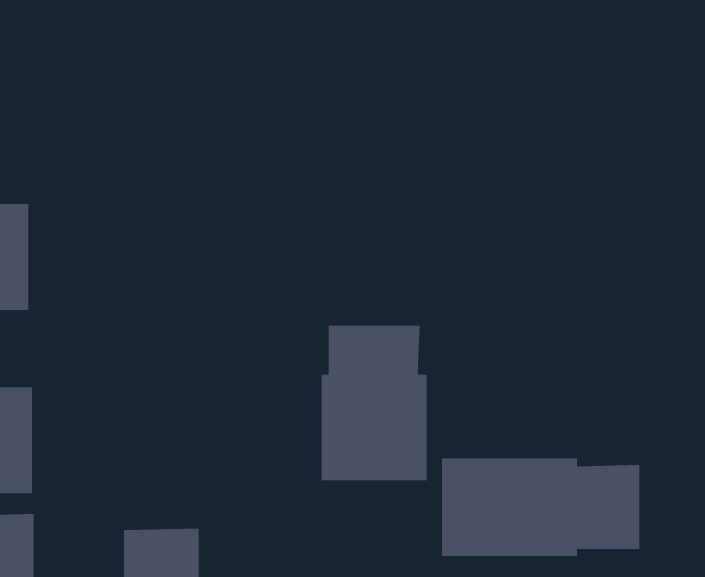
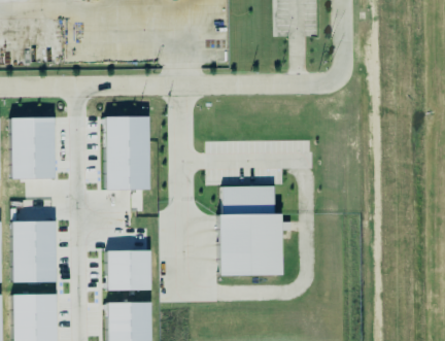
building: none -> [105,115,150,189]
building: none -> [107,250,150,291]
building: [441,457,640,557] -> none

